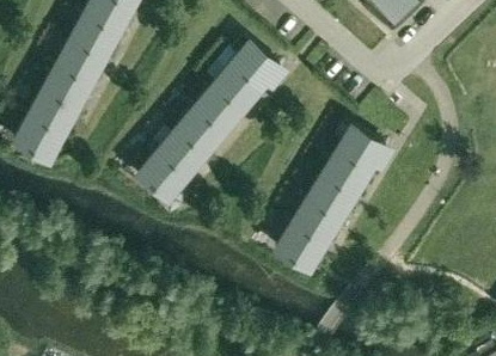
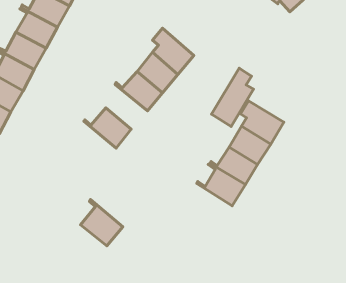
building: none -> [212,68,253,127]
building: [173,102,222,154] -> none
building: [135,145,185,200] -> [80,199,123,246]
building: [274,219,323,270] -> none

